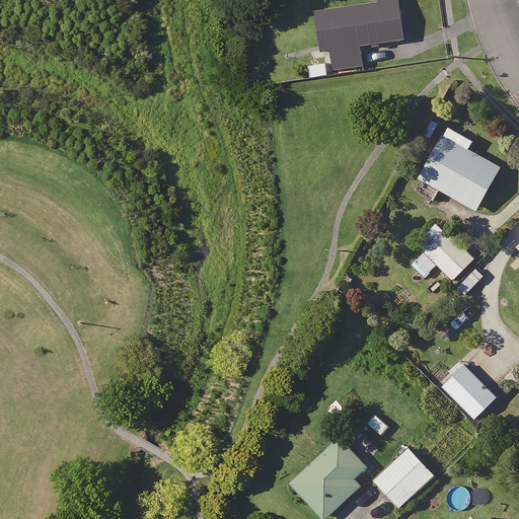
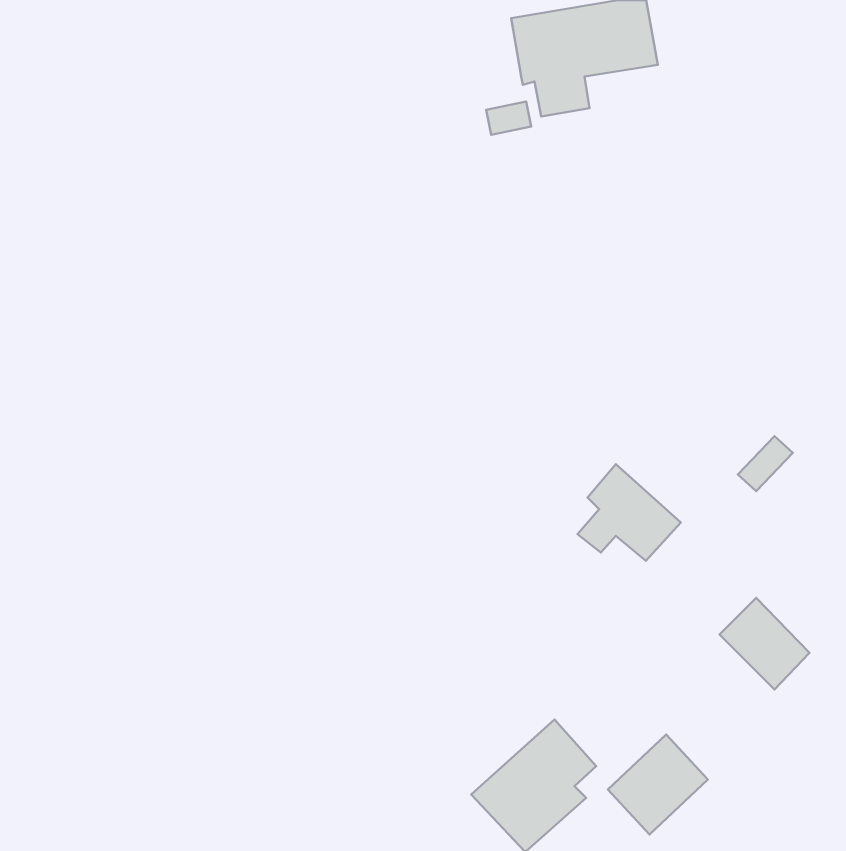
building: [411,134,500,211] -> none
building: [412,222,474,281] -> [578,464,681,561]

